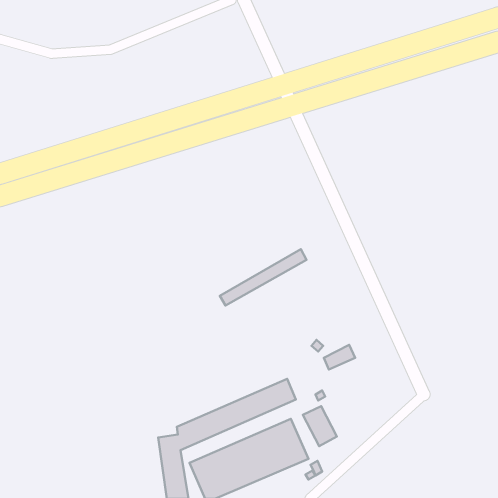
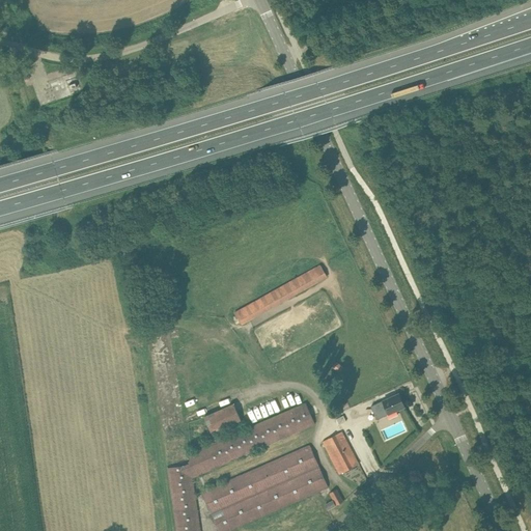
building: [324,345,355,369] -> [370,394,403,420]
building: none -> [204,406,240,434]

